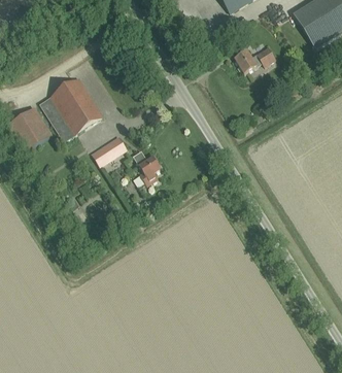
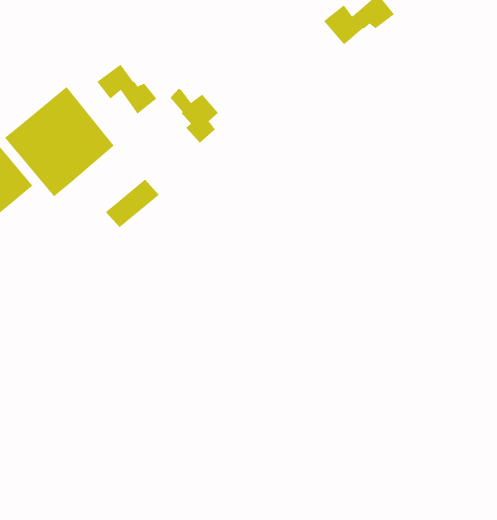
building: none -> [96,64,157,115]
building: [132,150,160,184] -> [170,88,219,144]

